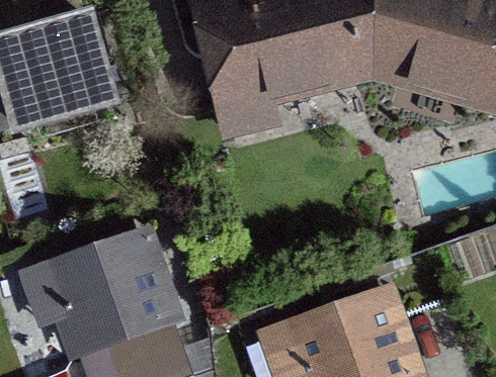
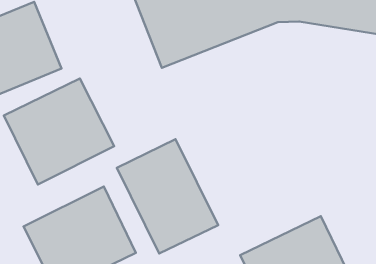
building: none -> [4,78,114,185]
building: none -> [117,139,218,253]

